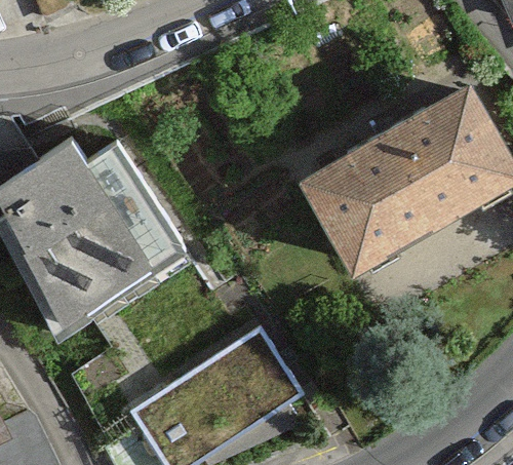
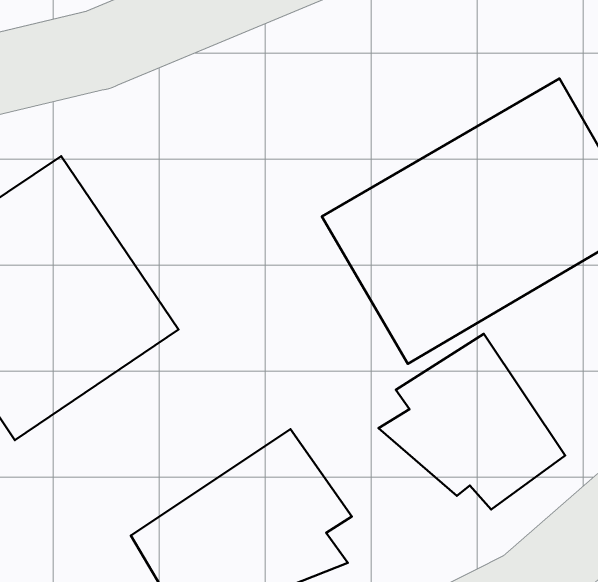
building: none -> [379,334,565,509]

